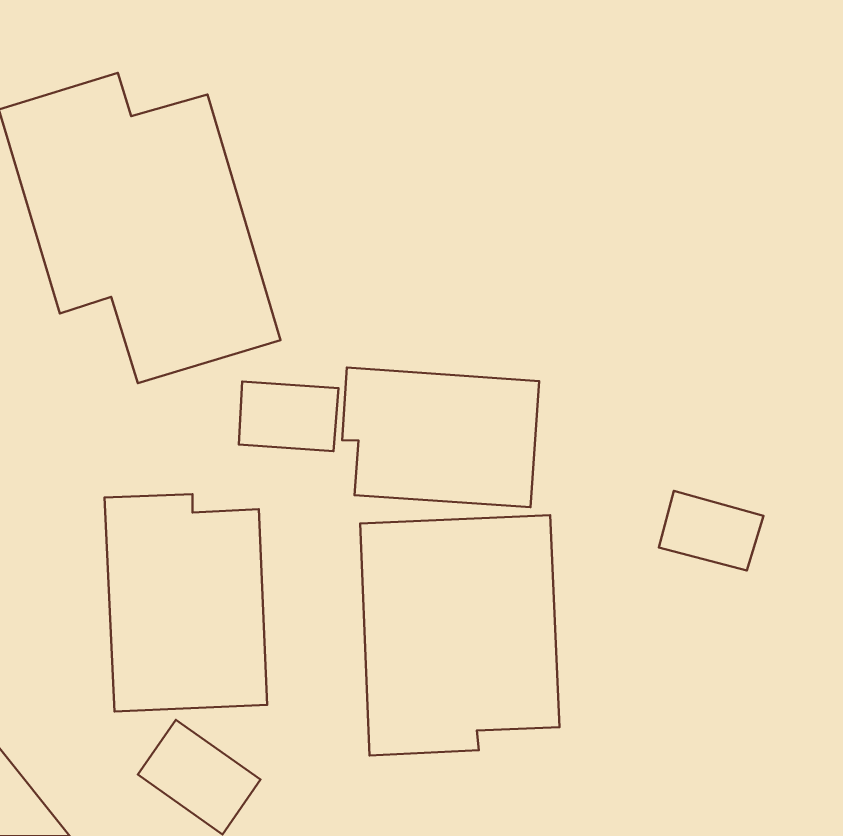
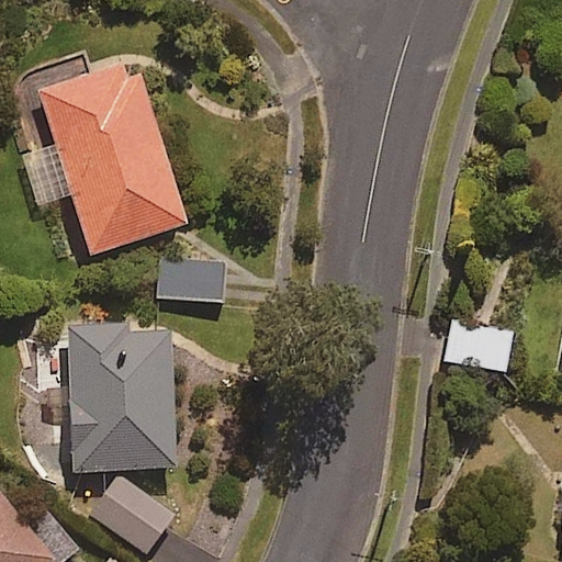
building: [342,367,539,507] -> none
building: [360,515,560,755] -> none

